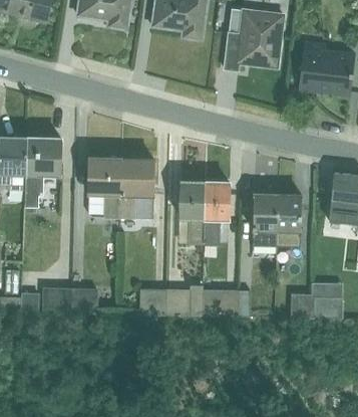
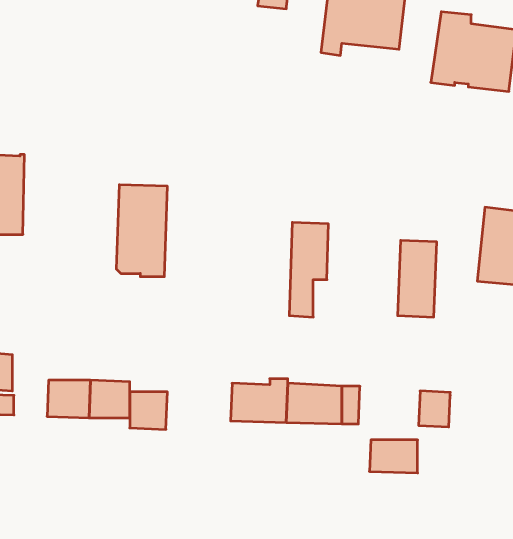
building: [25,137,61,207] -> none
building: [120,158,153,218] -> none
building: [180,181,206,244] -> none
building: [253,194,278,246] -> none
building: [140,289,165,315] -> [130,392,167,429]
building: [310,297,342,320] -> [369,440,418,473]

